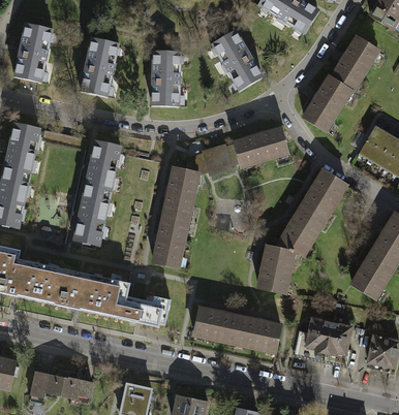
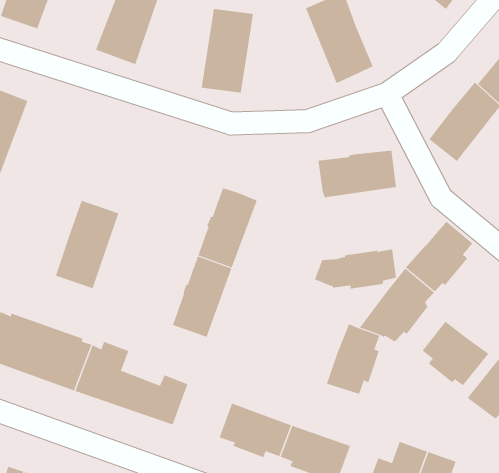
building: [84,140,120,194] -> none
building: [186,143,240,174] -> [314,249,397,289]
building: none -> [422,321,489,386]

